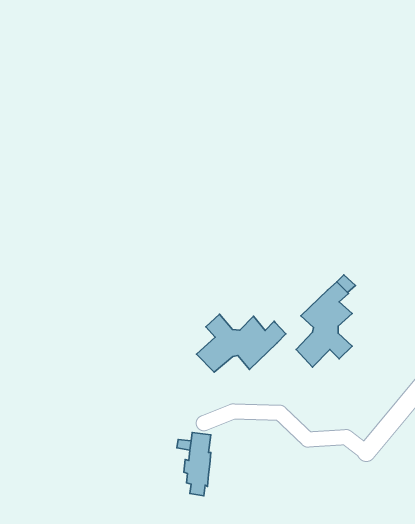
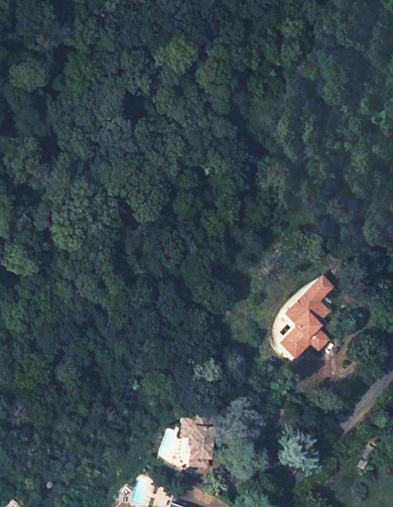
building: [197,314,286,372] -> none

